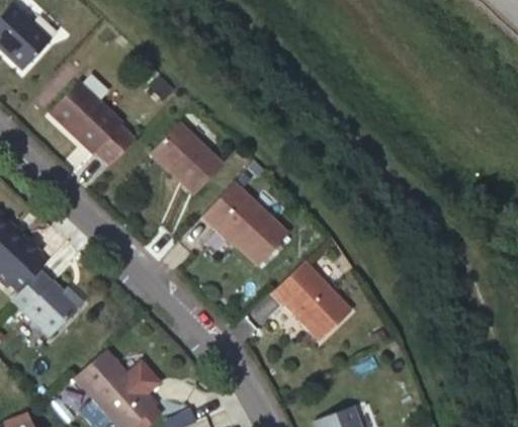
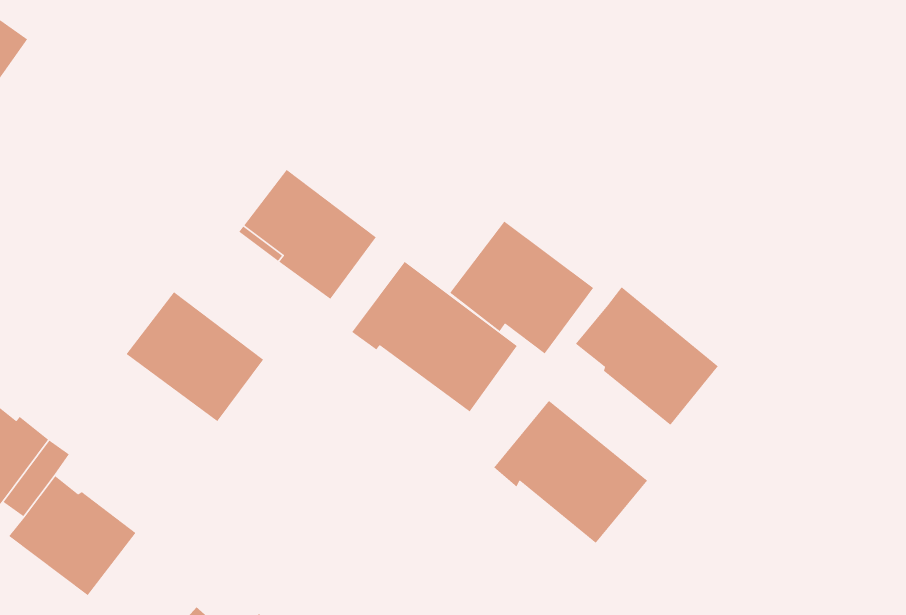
building: [50,83,122,155] -> [126,291,264,422]
building: none -> [449,221,594,354]
building: none -> [575,286,719,426]

